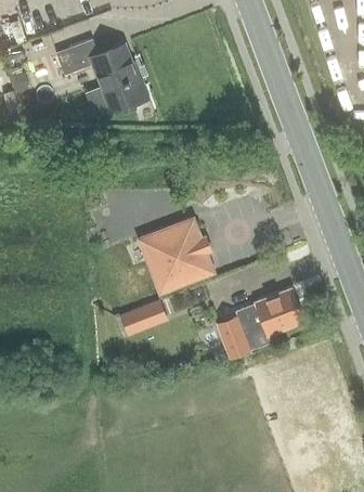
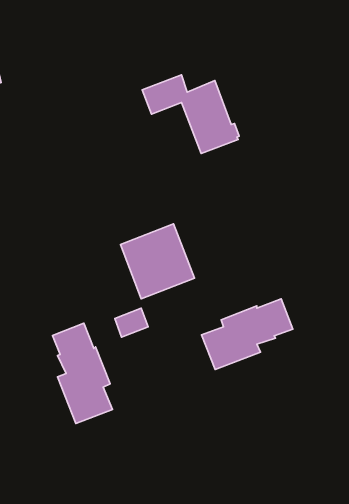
building: [55,39,146,113] -> [142,75,239,153]
building: none -> [53,323,112,423]

